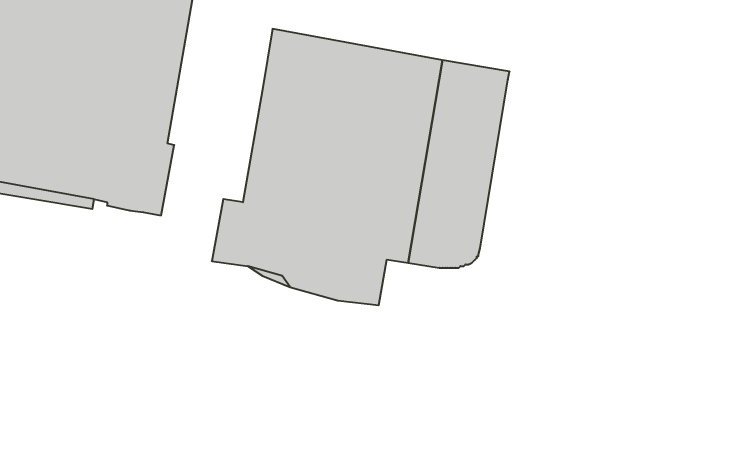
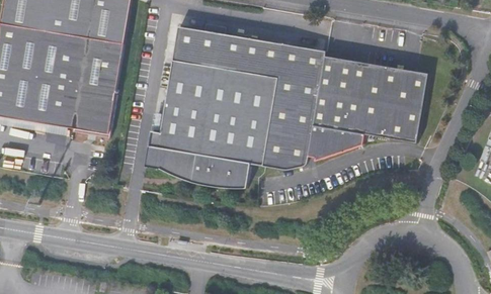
building: none -> [307,54,428,163]

